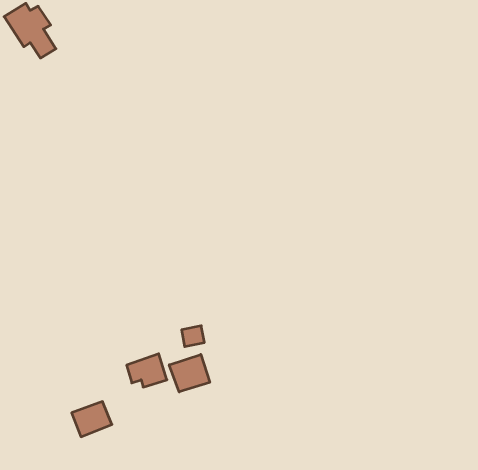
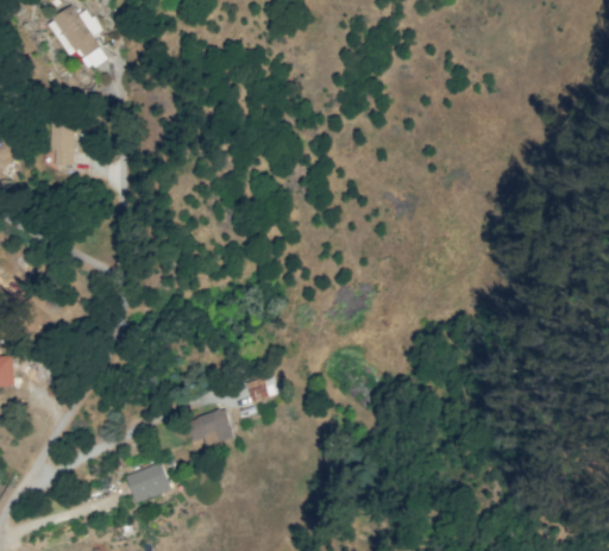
building: none -> [51,127,73,165]
building: [169,354,210,392] -> none

